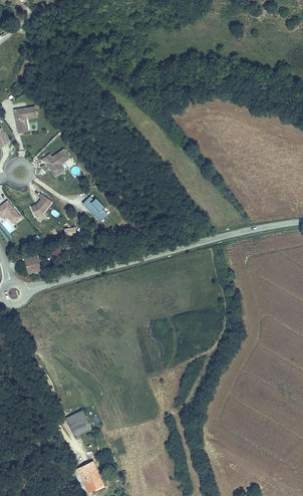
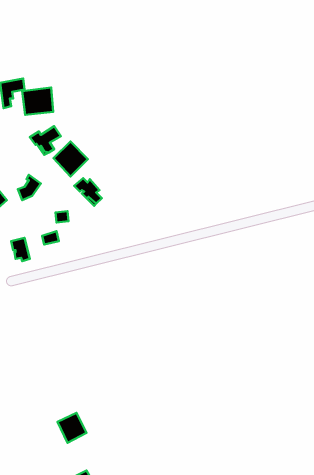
building: none -> [22,87,53,115]
building: none -> [53,142,88,177]

